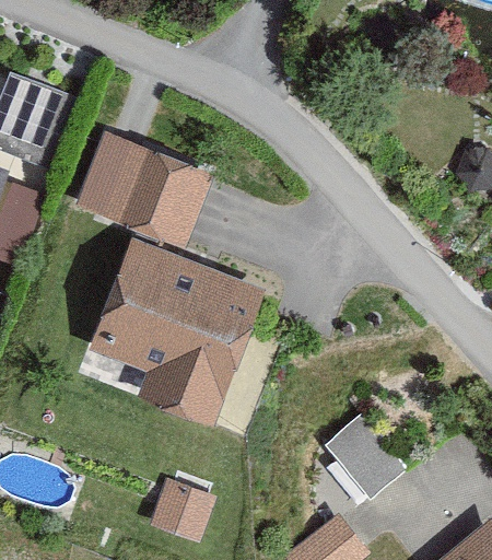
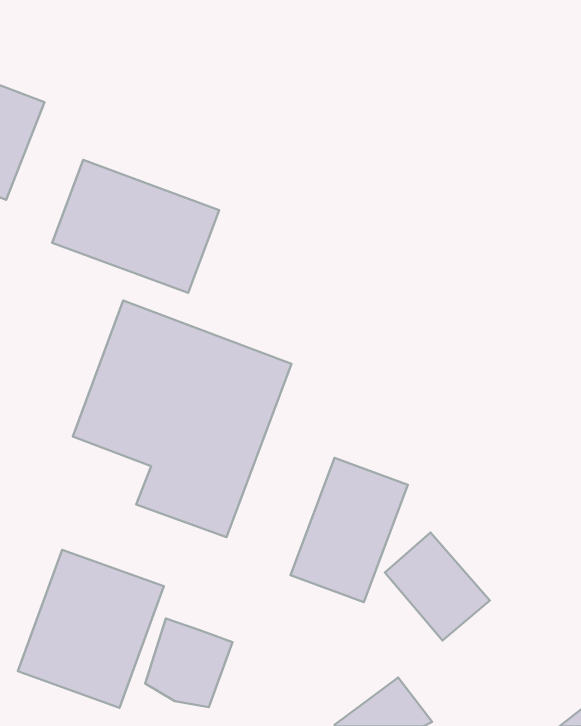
building: none -> [291,458,408,602]
building: none -> [18,550,164,708]

